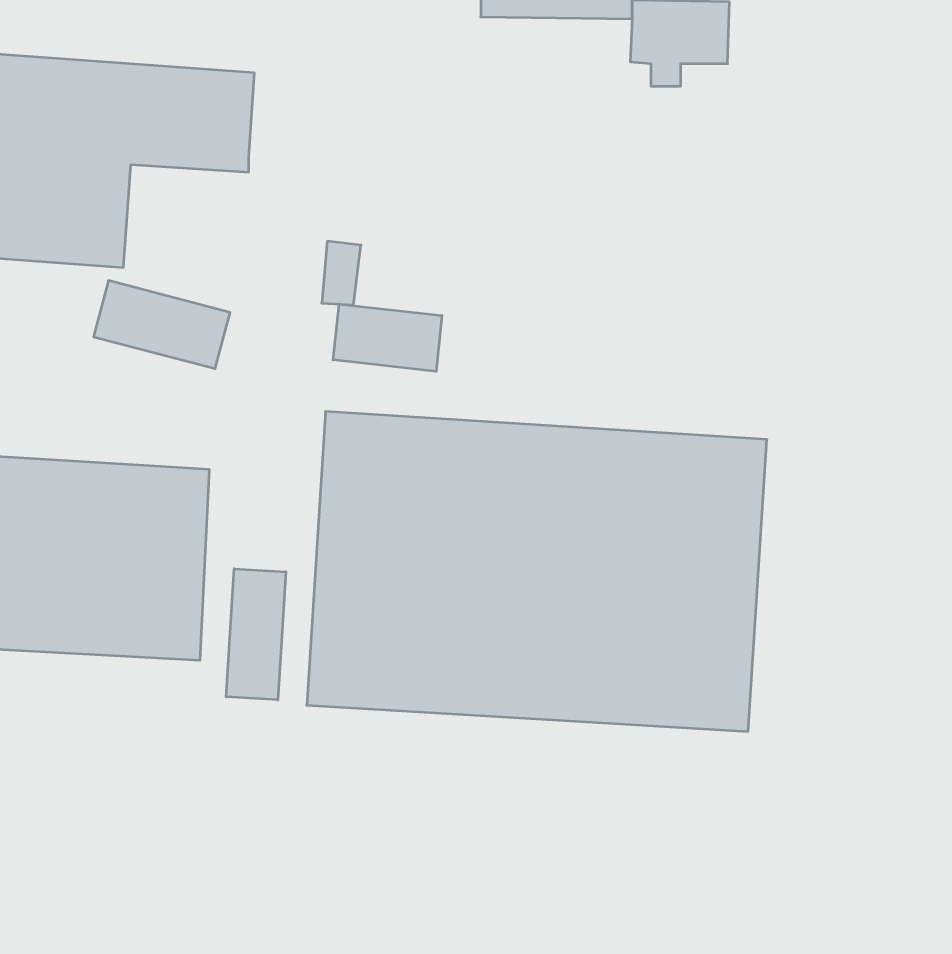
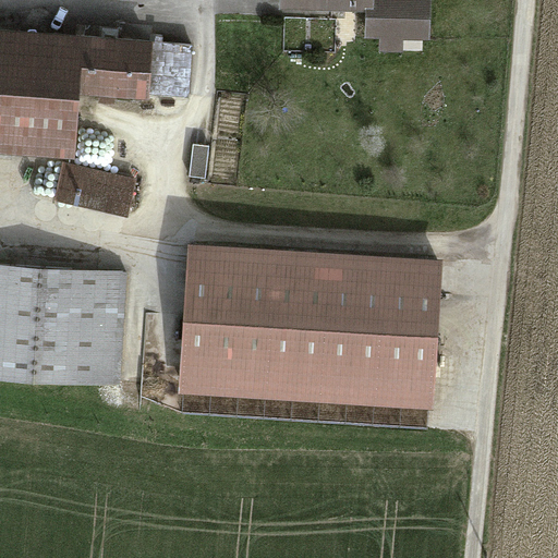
building: none -> [145,43,184,94]
building: [333,304,442,371] -> none
building: [226,569,286,700] -> none

